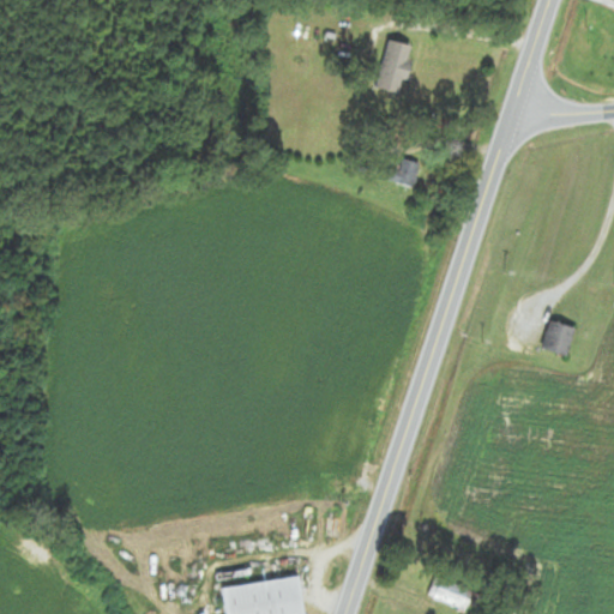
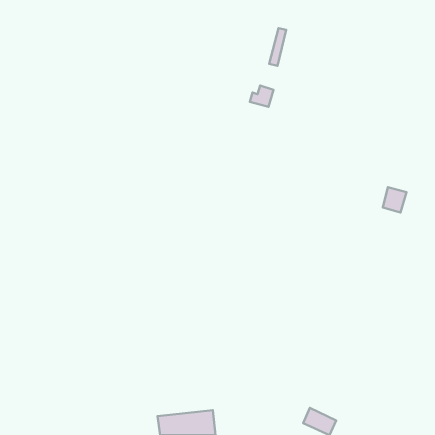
building: [387,158,421,188] -> [250,86,274,107]
building: [542,321,576,357] -> [383,187,407,213]

